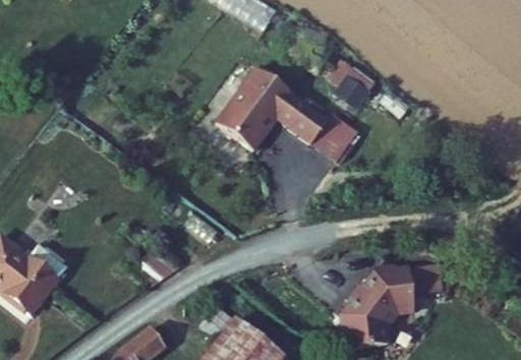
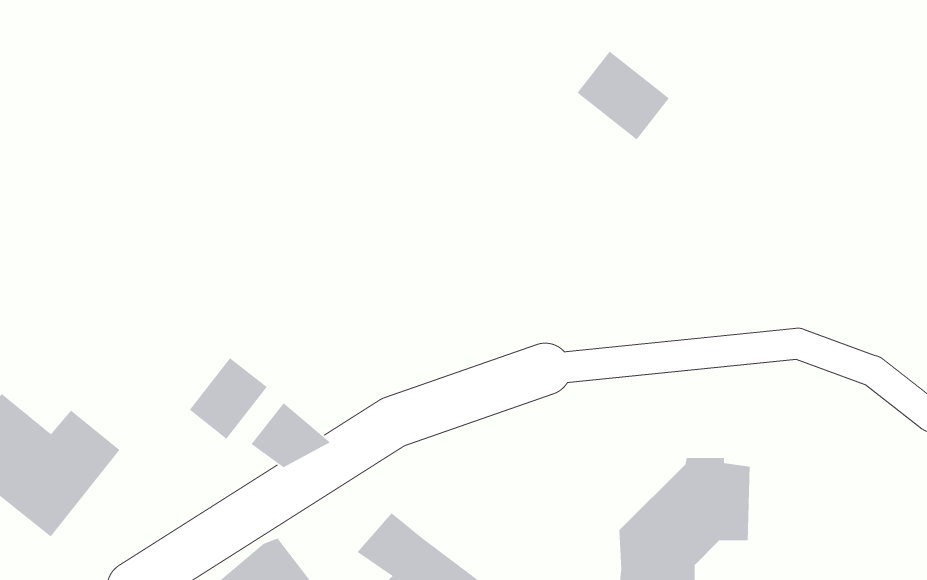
building: [212,62,353,158] -> none
building: none -> [189,357,268,440]

